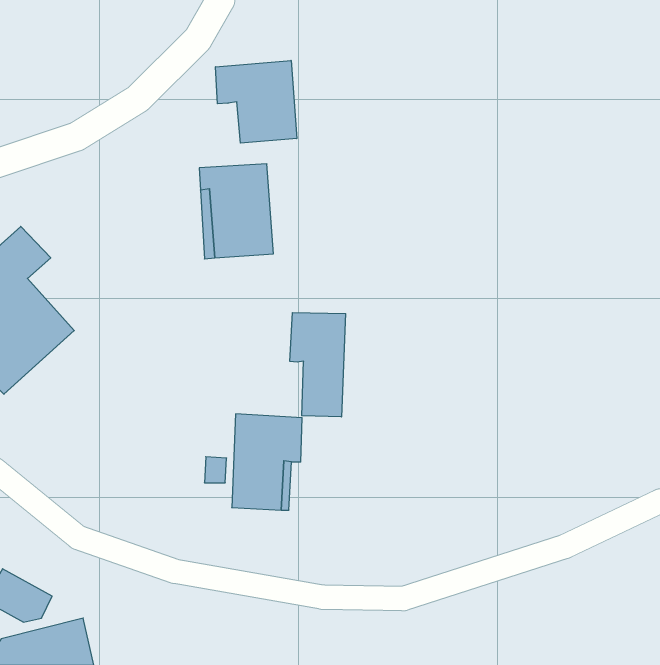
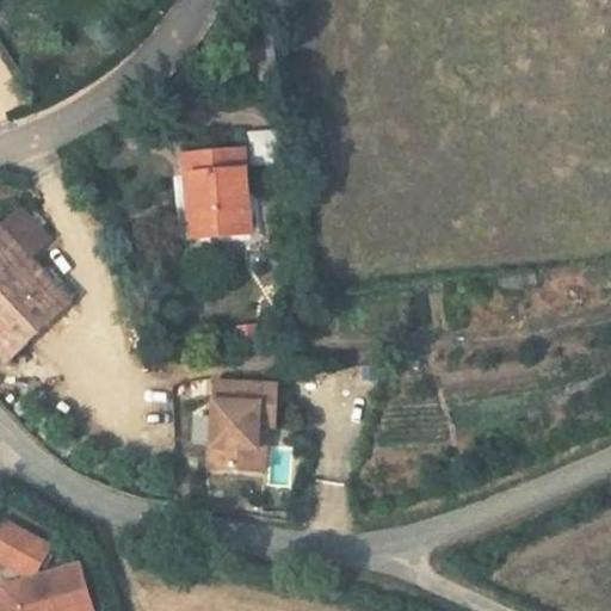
building: [216,60,297,143] -> none
building: [290,313,346,417] -> none

